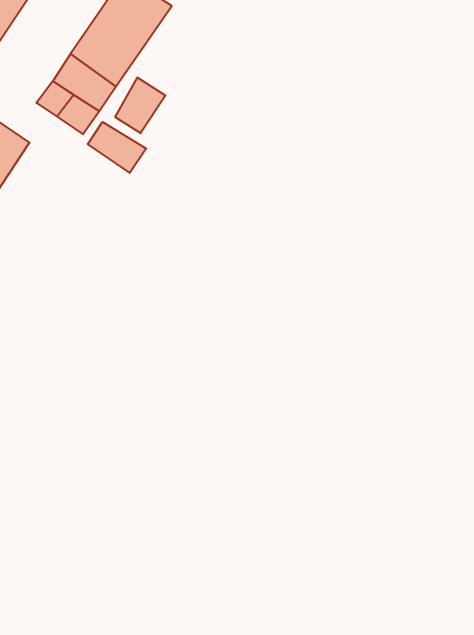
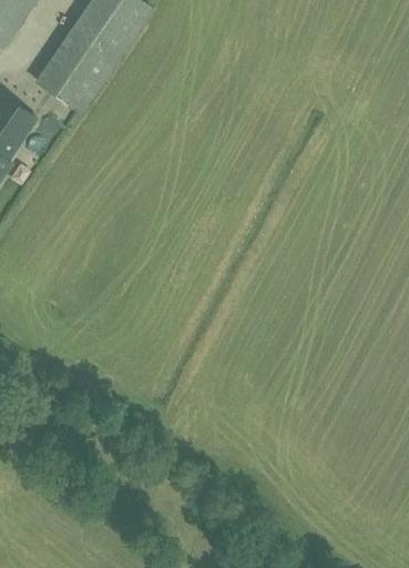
building: [115,77,165,133] -> none
building: [88,122,146,173] -> none

